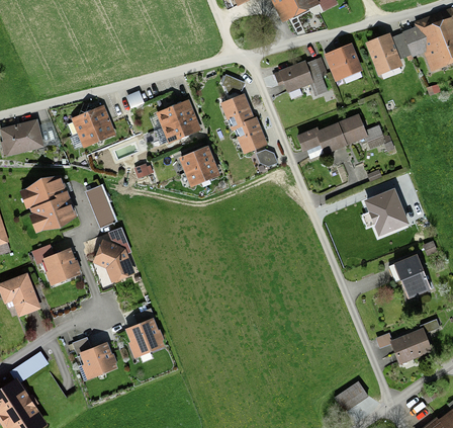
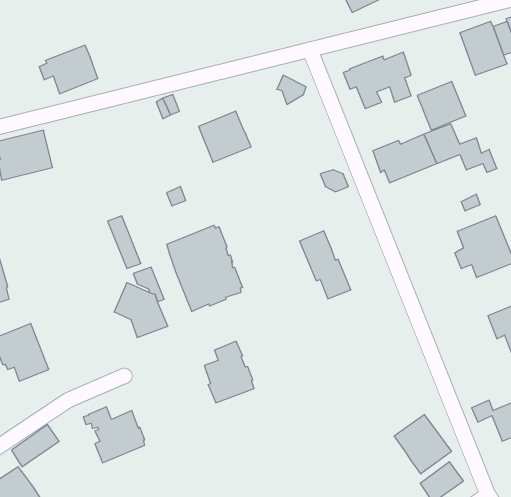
building: [324,42,362,81] -> [417,81,466,130]
building: [222,98,263,152] -> [300,231,351,299]
building: [67,108,113,147] -> [39,45,98,94]
building: [180,149,217,186] -> none
building: [19,179,73,233] -> none
building: none -> [167,225,243,312]
building: [28,244,80,285] -> none
building: [124,309,164,357] -> [204,341,254,403]
building: none -> [394,414,452,474]

